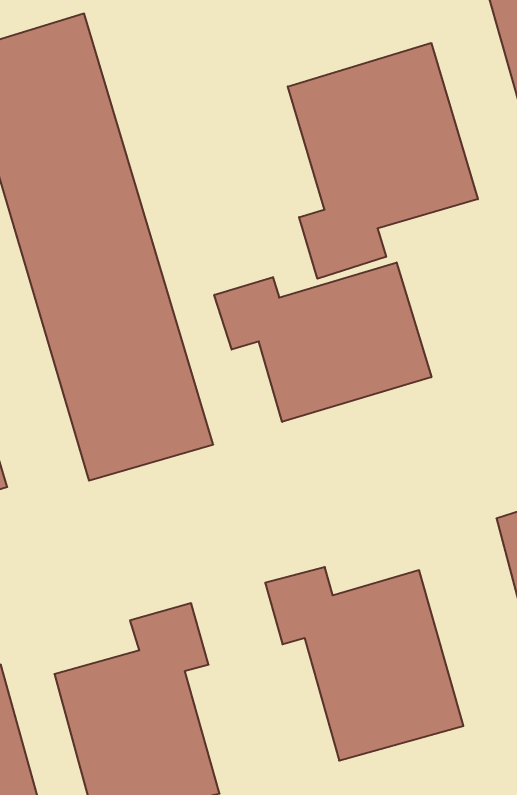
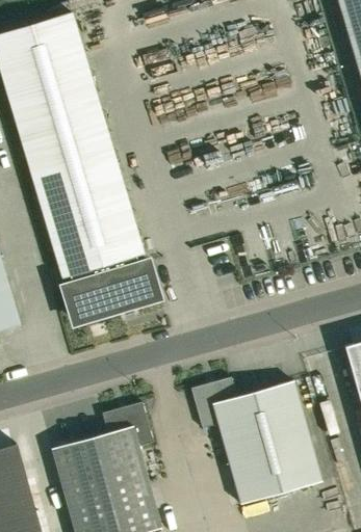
building: [288,43,478,279] -> none
building: [214,262,431,422] -> none

